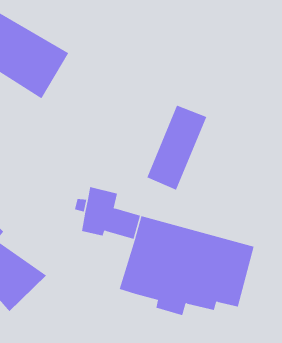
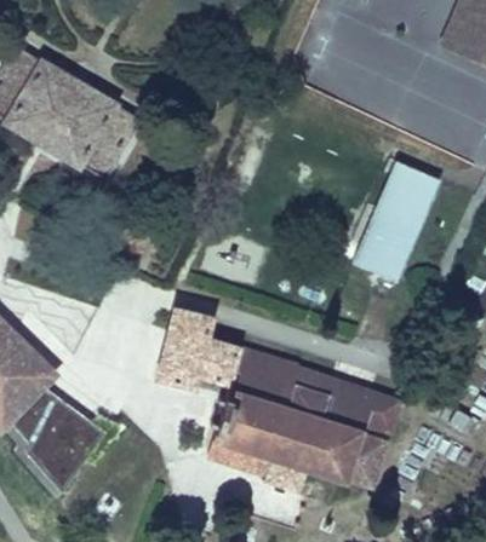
building: [147,105,207,190] -> [351,154,438,275]

